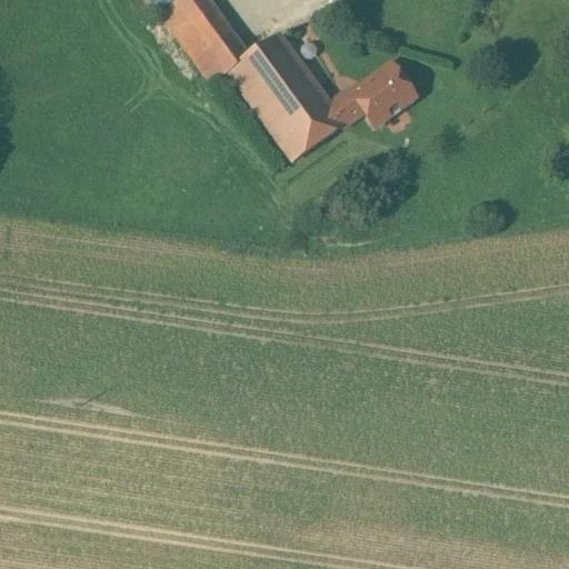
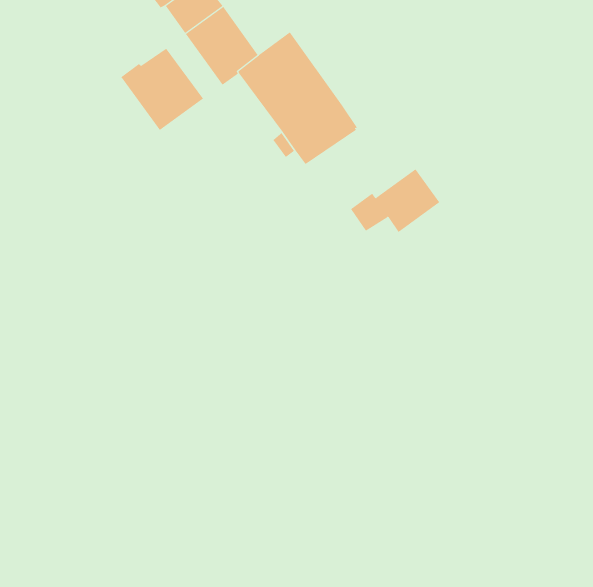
building: none -> [121,48,204,131]
building: [330,61,416,122] -> [350,168,440,233]

